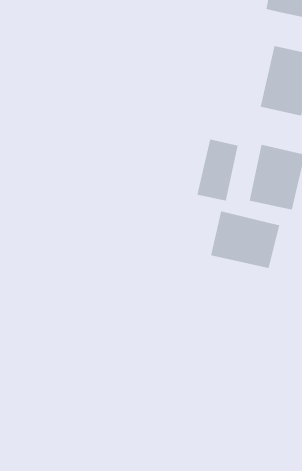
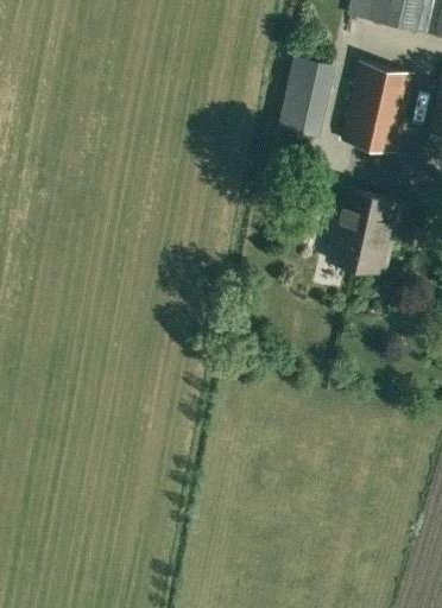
building: [197,139,238,201] -> [279,56,333,135]
building: [211,211,280,269] -> none

